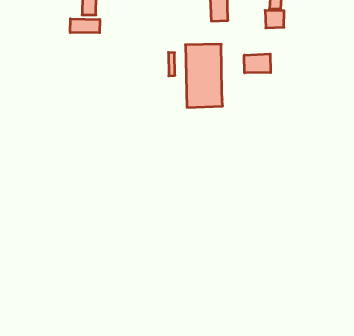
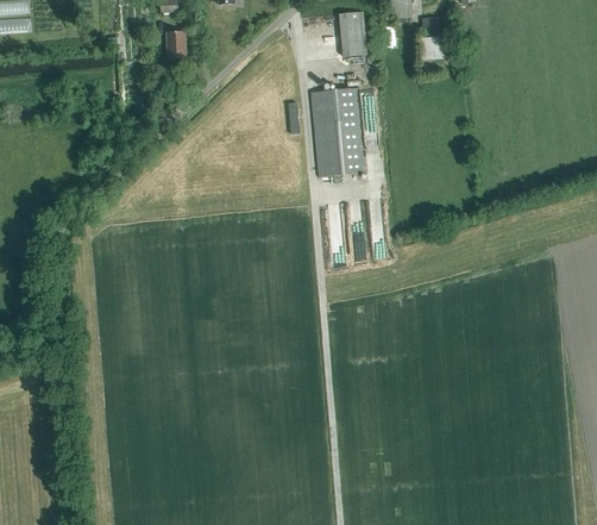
building: [70,19,100,33] -> none
building: [244,54,271,73] -> none

